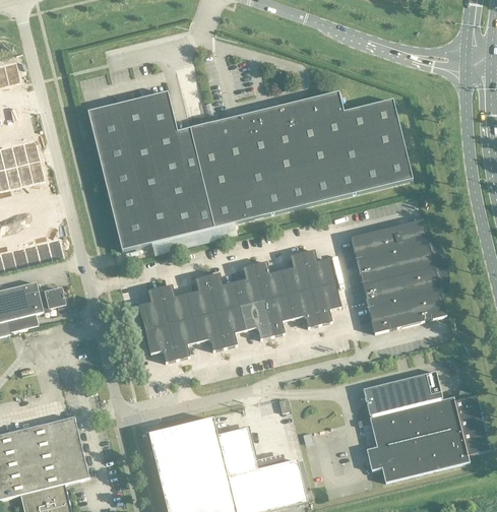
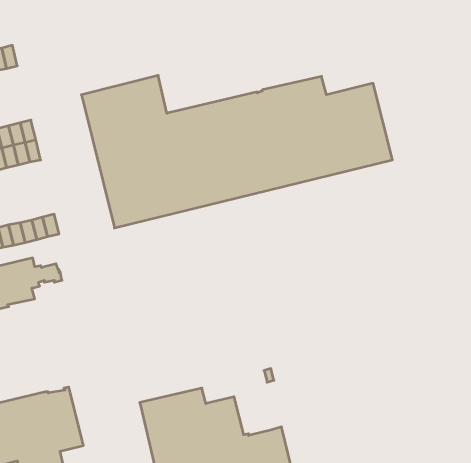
building: [351,218,446,332] -> none
building: [138,249,341,362] -> none
building: [358,370,489,482] -> none

